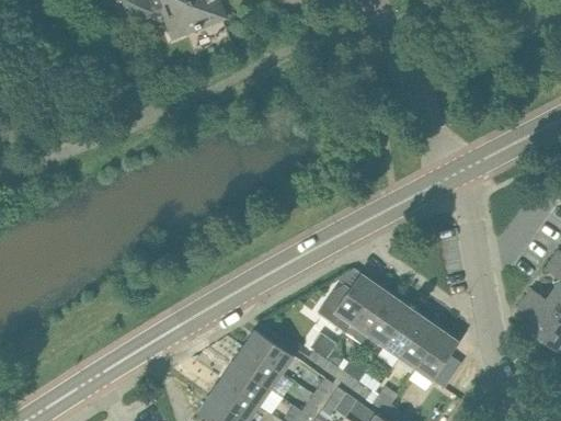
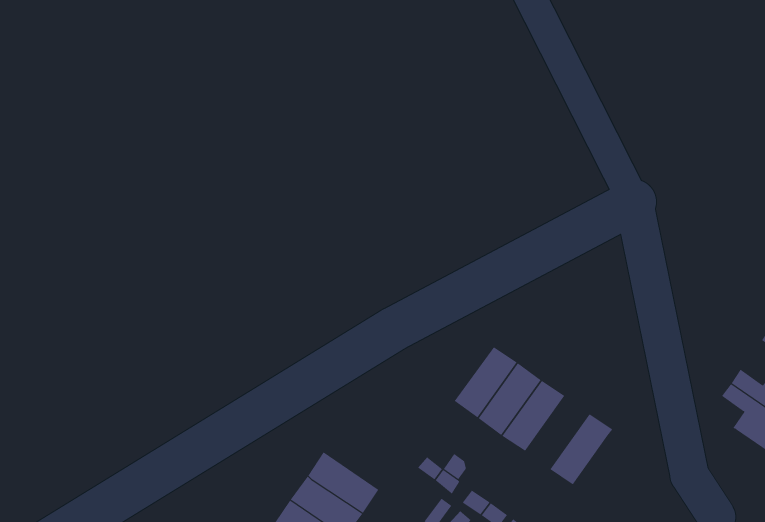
building: [382,308,426,359] -> none
building: [243,330,294,373] -> none
building: [415,331,459,382] -> none

